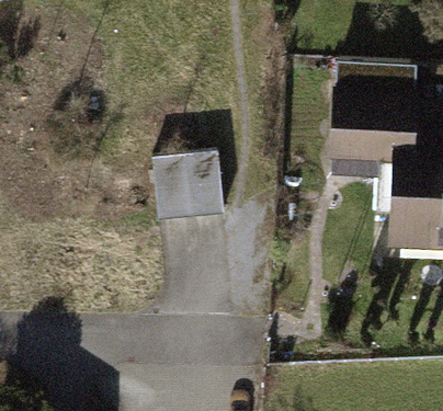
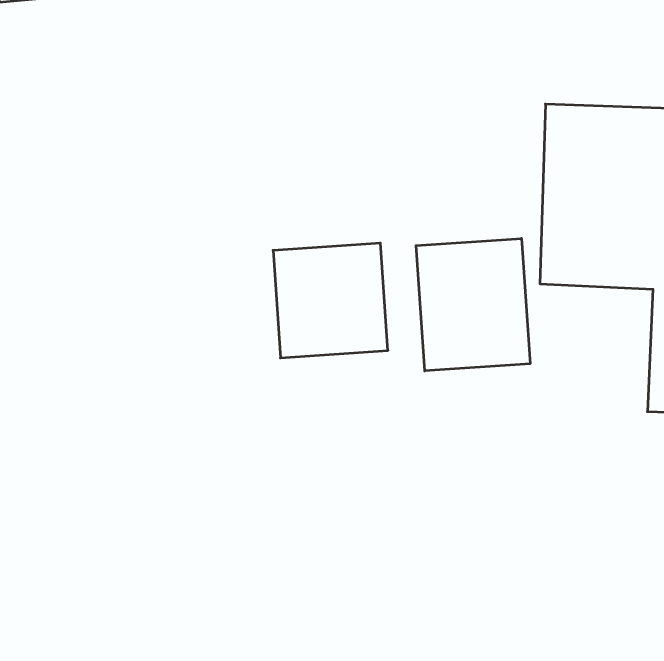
building: none -> [416,238,530,371]

